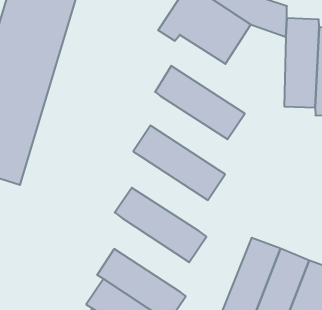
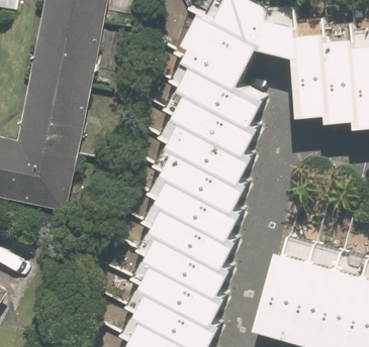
building: none -> [183,57,268,119]
building: none -> [171,115,257,178]
building: none -> [160,172,245,235]
building: none -> [148,230,234,293]

